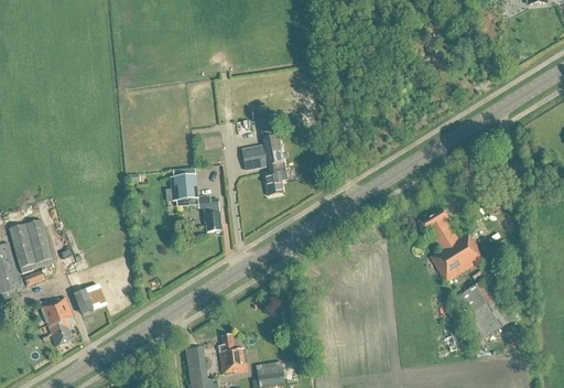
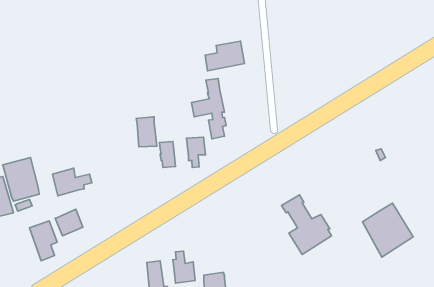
building: none -> [205,41,245,71]
building: none -> [187,137,205,167]
building: [421,209,482,283] -> [282,195,331,254]
building: none -> [53,168,92,196]

